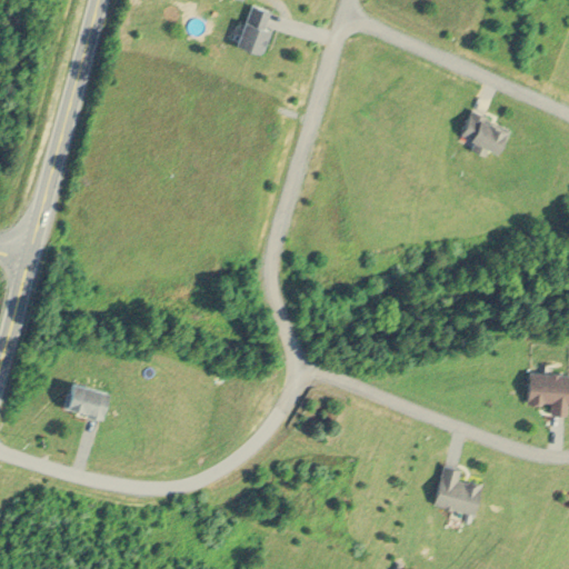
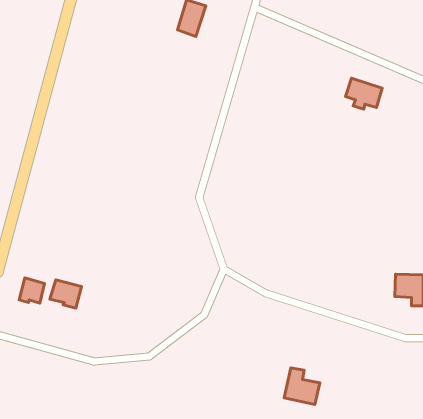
building: none -> [19,278,45,303]
building: [433,468,481,517] -> [284,368,320,404]

